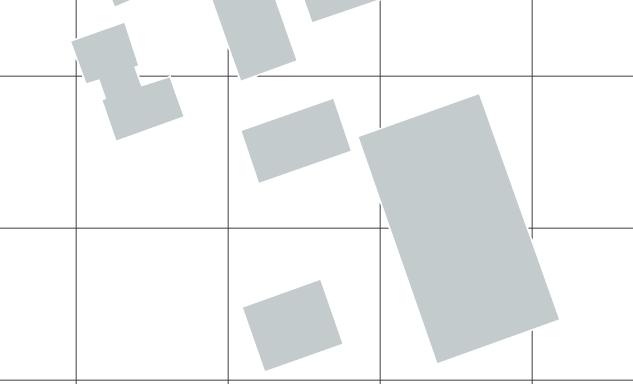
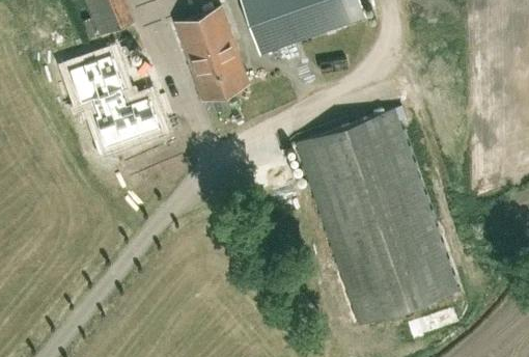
building: [241,98,352,184] -> none
building: [242,279,343,372] -> none

